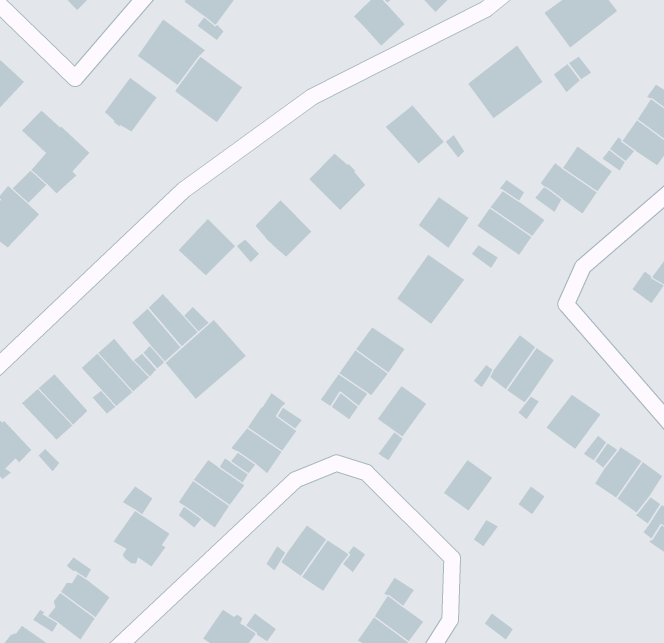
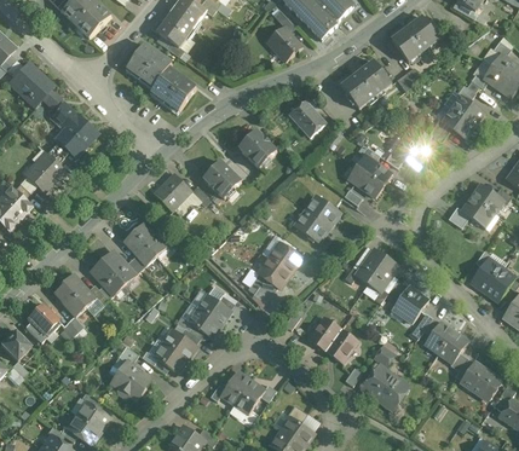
building: [104,77,158,132] -> none
building: [418,196,469,249] -> none
building: [165,319,247,400] -> none
building: [377,385,427,437] -> [308,316,341,349]
building: none -> [365,366,408,407]

